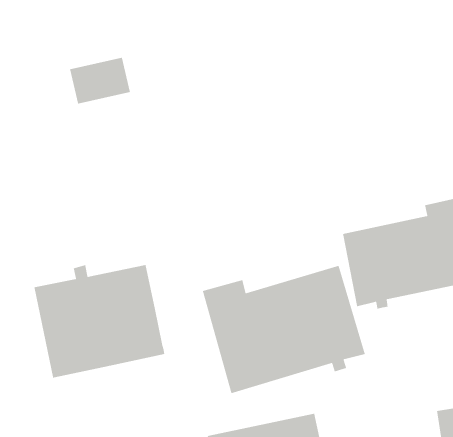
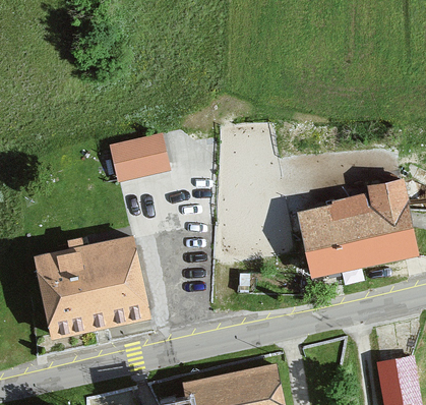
building: [69,57,131,104] -> [113,137,166,178]
building: [202,265,366,394] -> none

